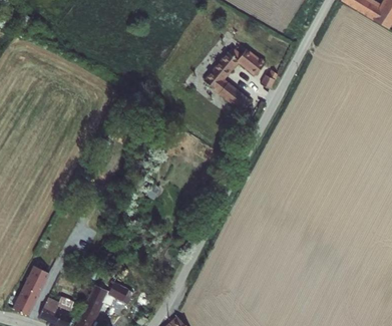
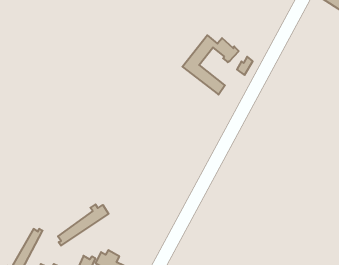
building: none -> [58,204,109,246]

